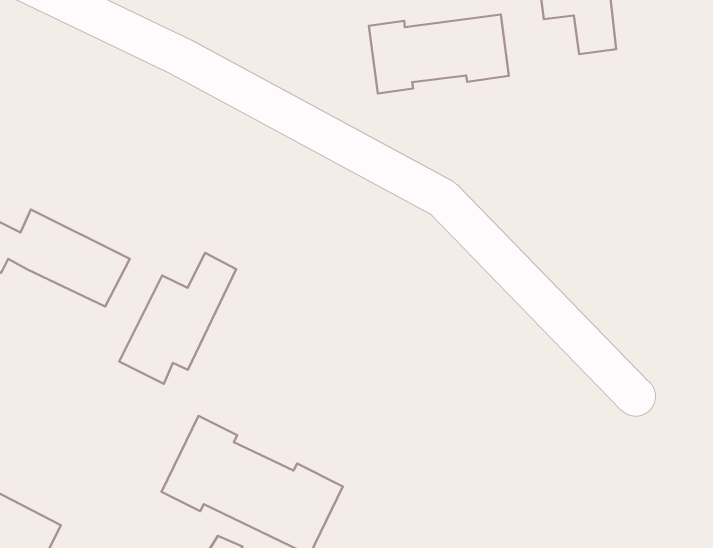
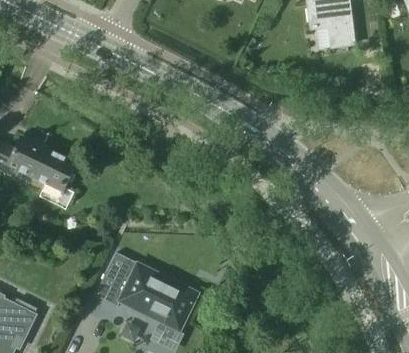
building: [369,15,509,94] -> none
building: [119,253,236,384] -> none

